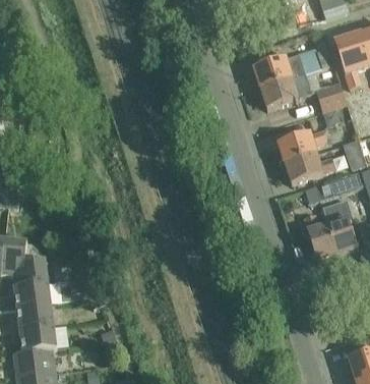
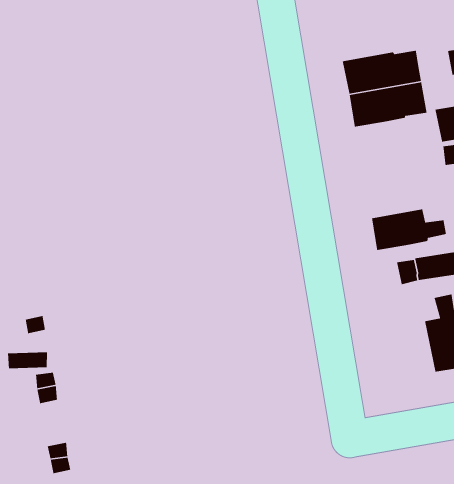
building: [278,127,325,161] -> none
building: [304,212,337,260] -> none

